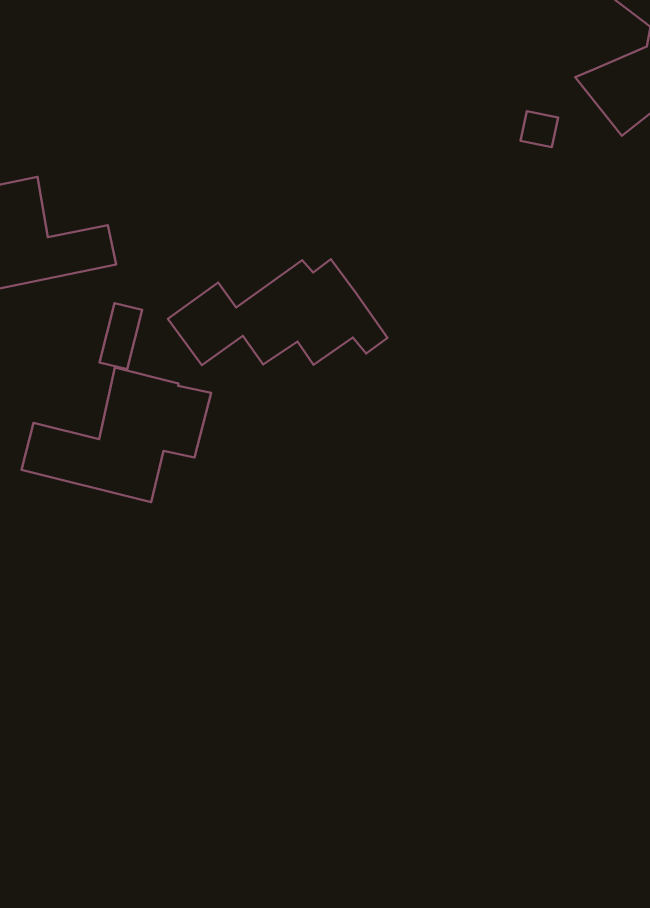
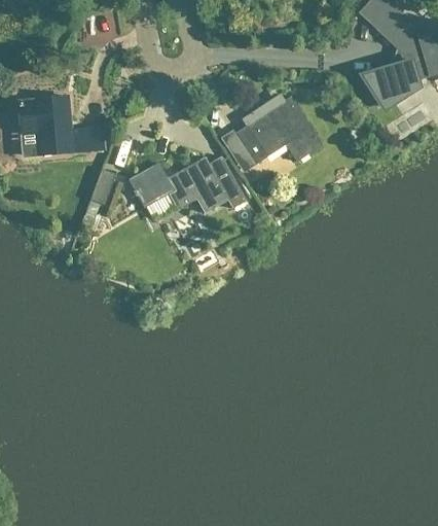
building: none -> [234,96,322,165]
building: [22,367,211,502] -> none

